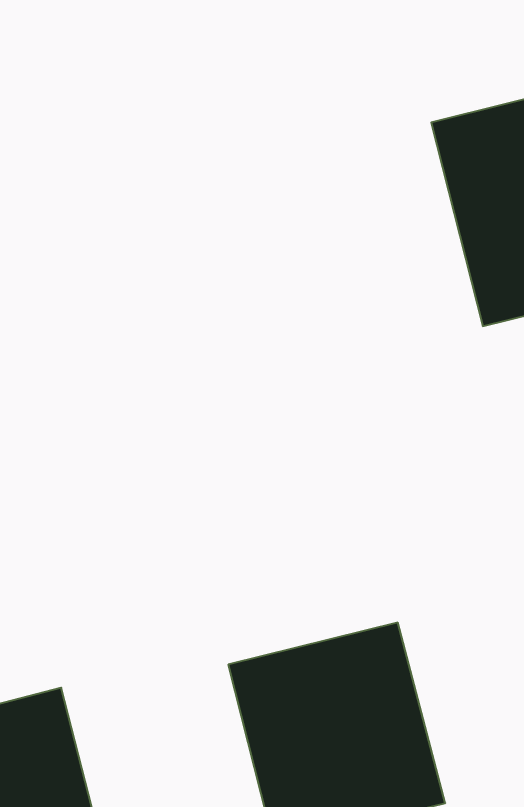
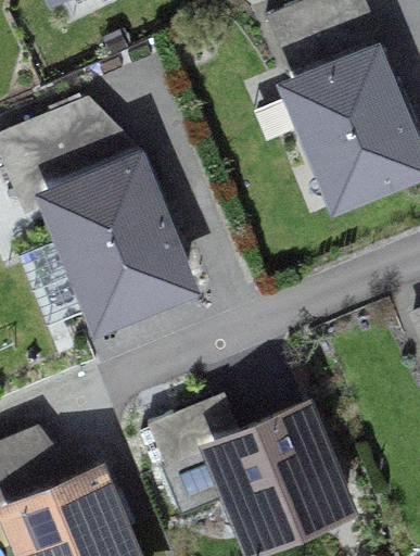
building: none -> [51,165,187,325]

